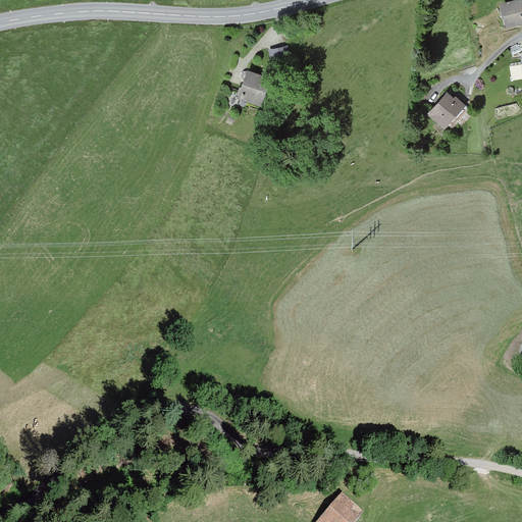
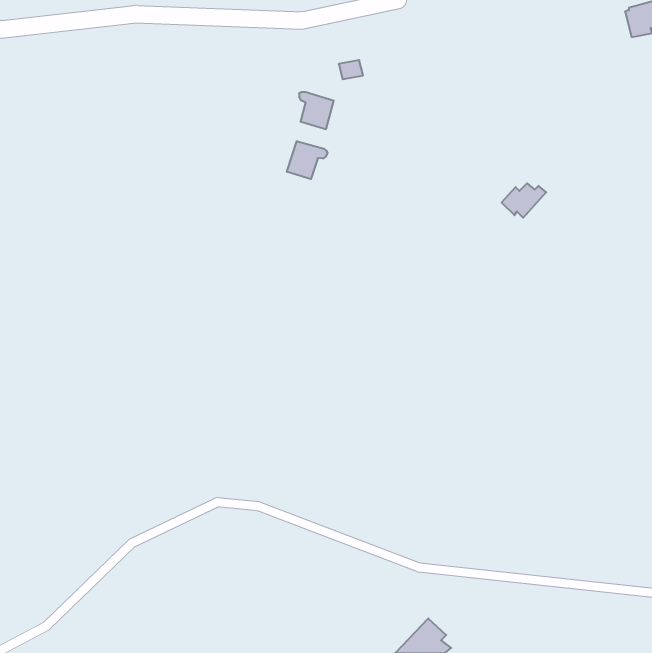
building: [428,96,464,123] -> [502,183,546,218]
building: none -> [287,141,328,179]

